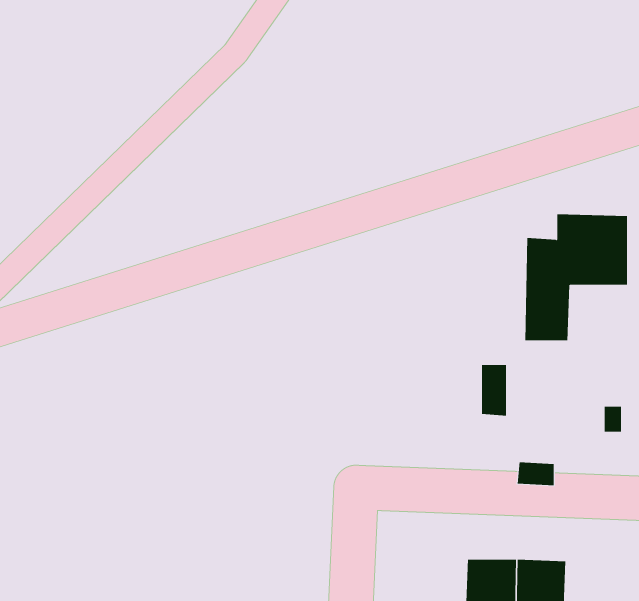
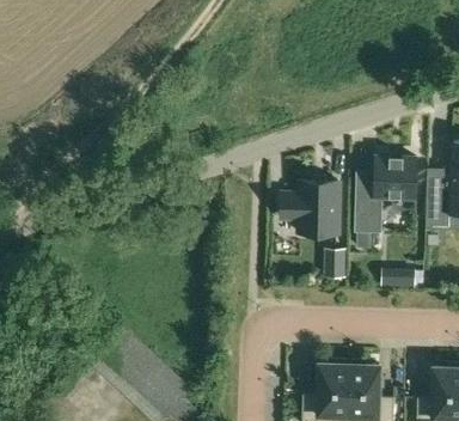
building: none -> [280,178,335,236]

